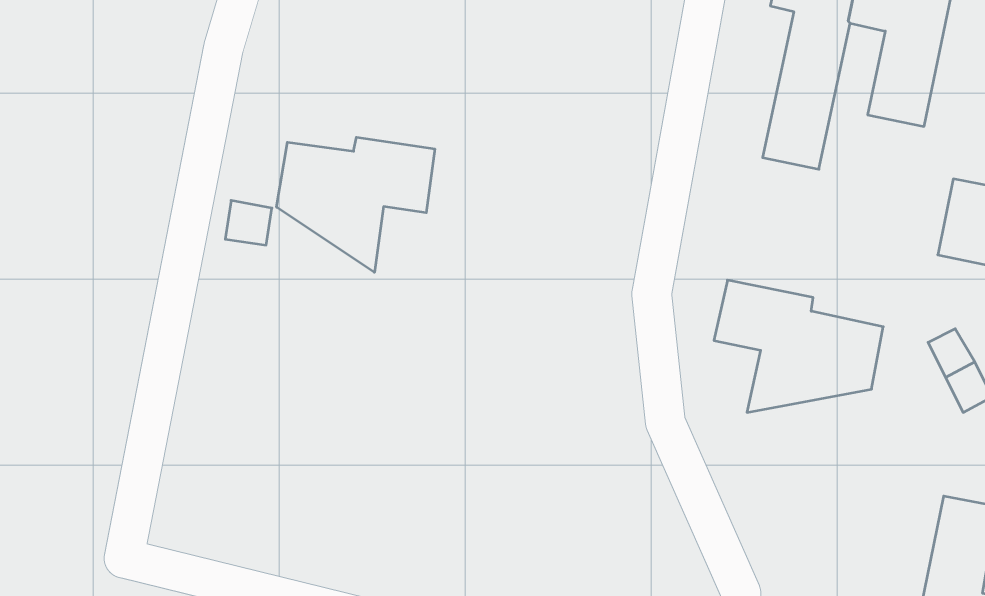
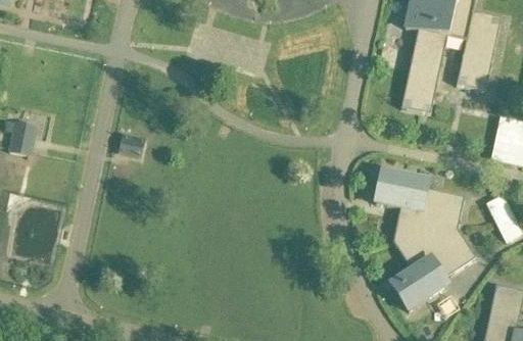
building: [277,137,435,272] -> none
building: none -> [7,117,37,153]
building: none -> [390,228,476,309]

